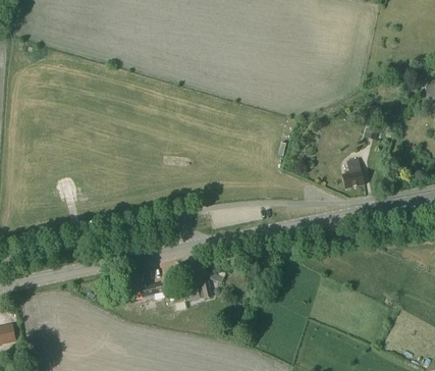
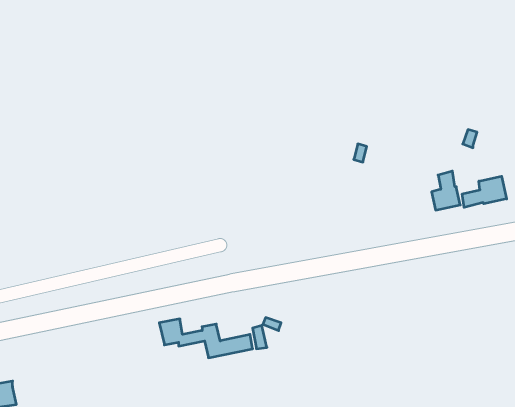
building: none -> [462,176,507,207]

